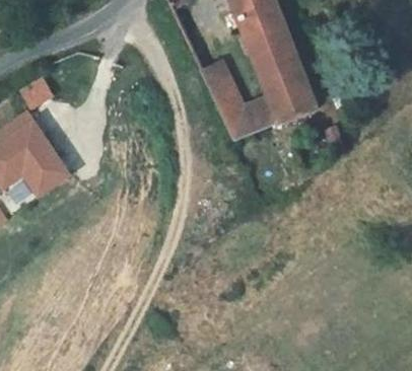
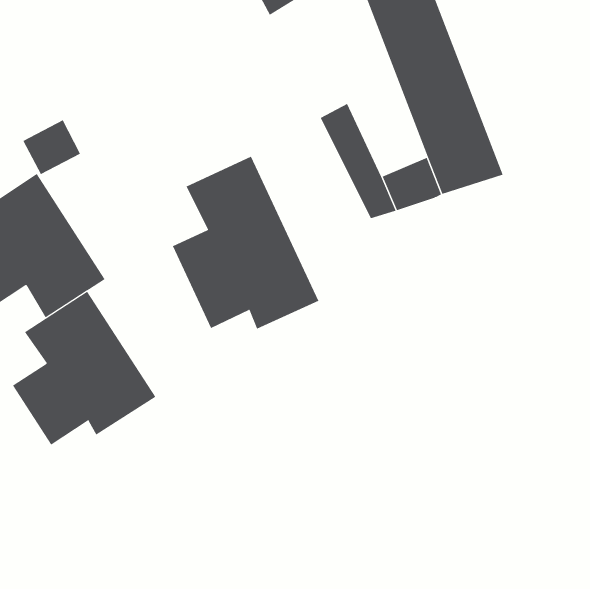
building: none -> [172,156,319,330]
building: none -> [12,291,156,446]

